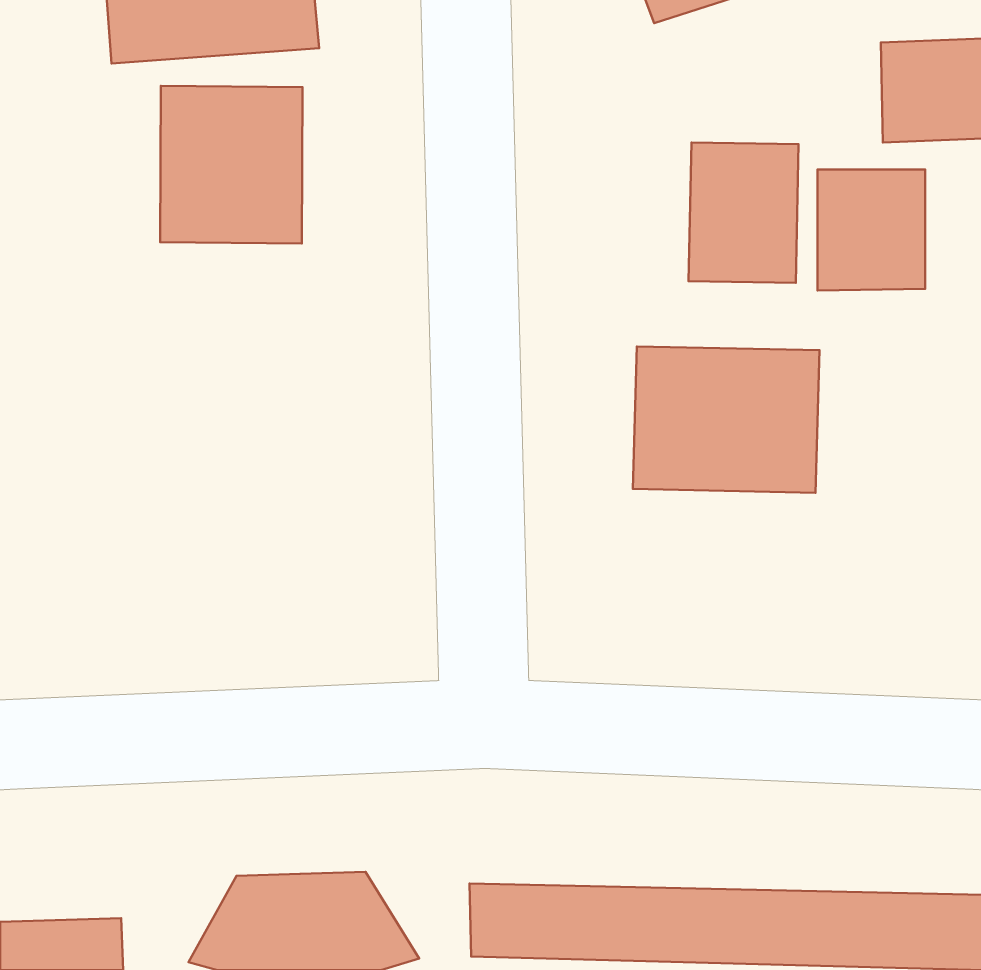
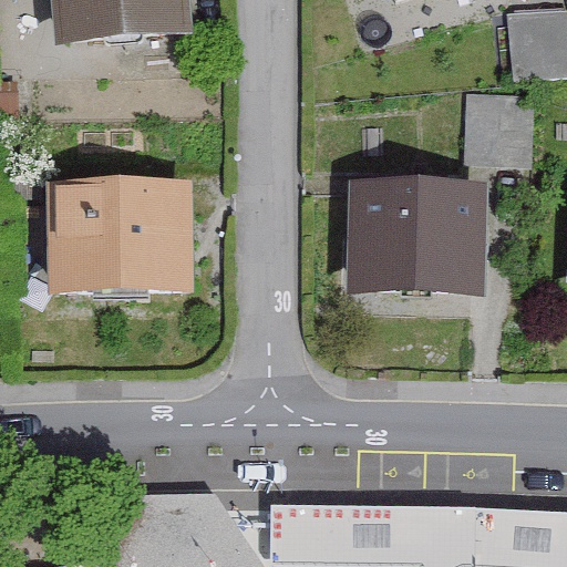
building: [160,86,303,244] -> none
building: [689,142,799,283] -> none
building: none -> [56,194,181,291]

